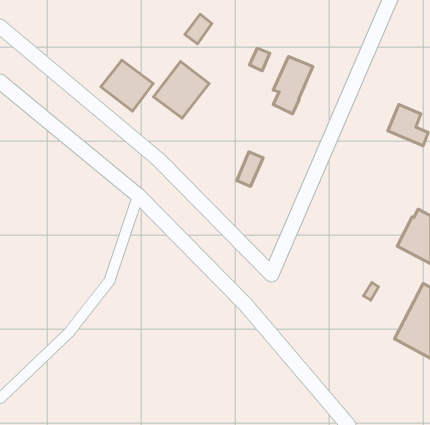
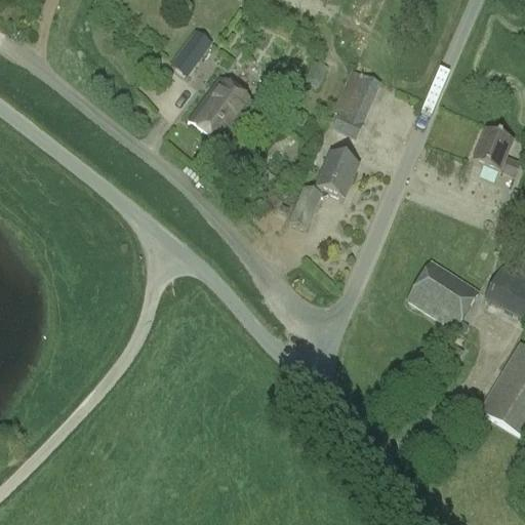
building: [185,14,212,44] -> [178,29,211,65]
building: [101,60,153,111] -> none
building: none -> [316,151,359,197]
building: none -> [407,260,478,327]

